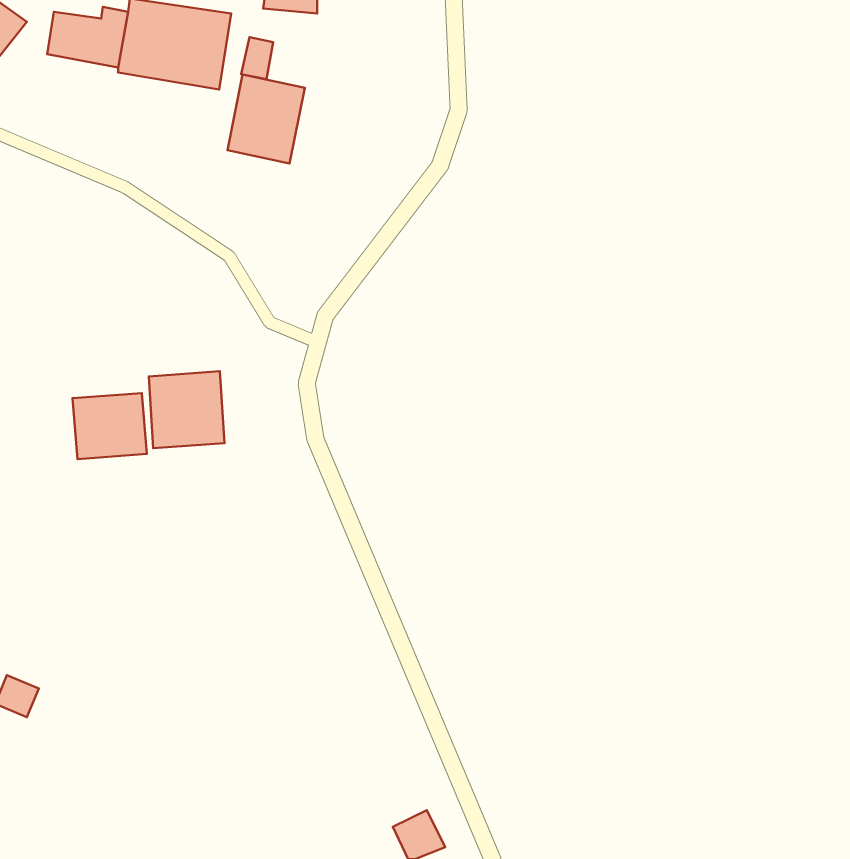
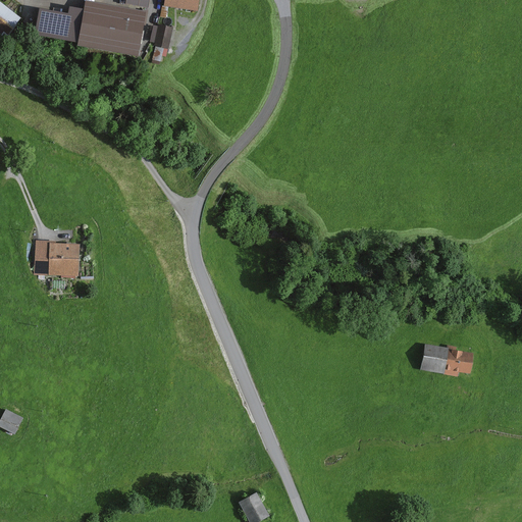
building: [227,75,305,163] -> none
building: [149,371,225,448] -> none
building: none -> [416,345,471,374]

